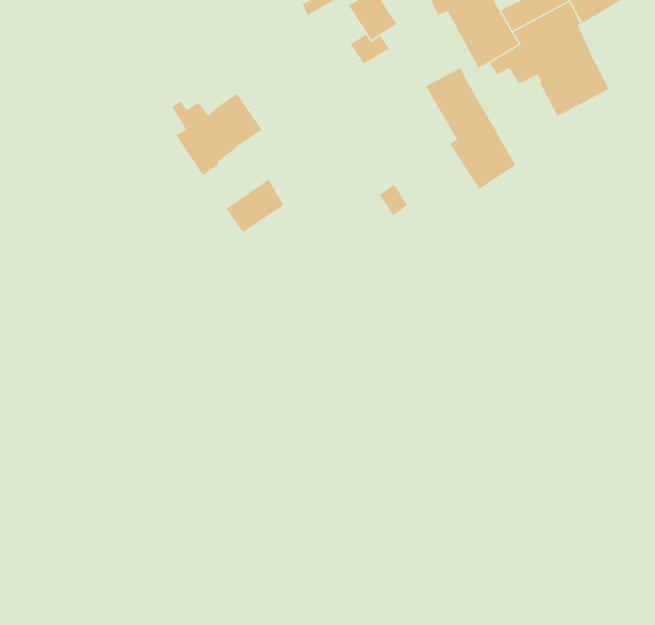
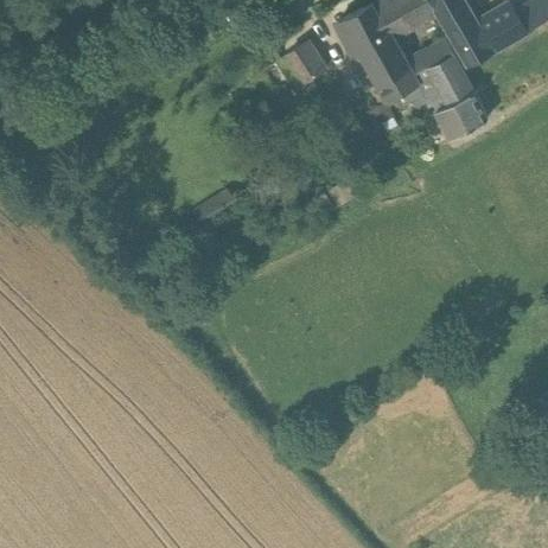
building: [425,67,516,190] -> none
building: [171,93,262,176] -> none

